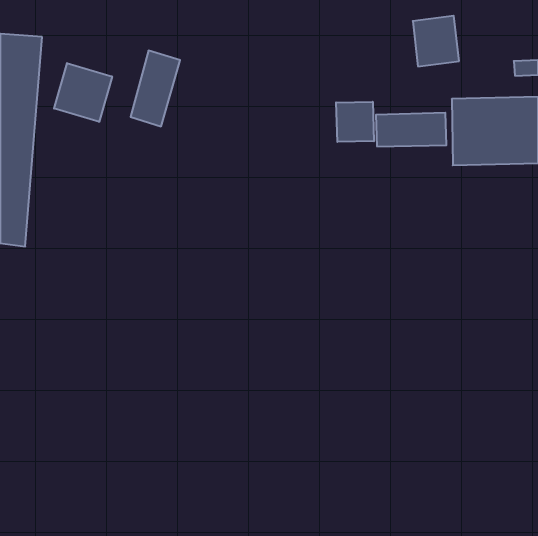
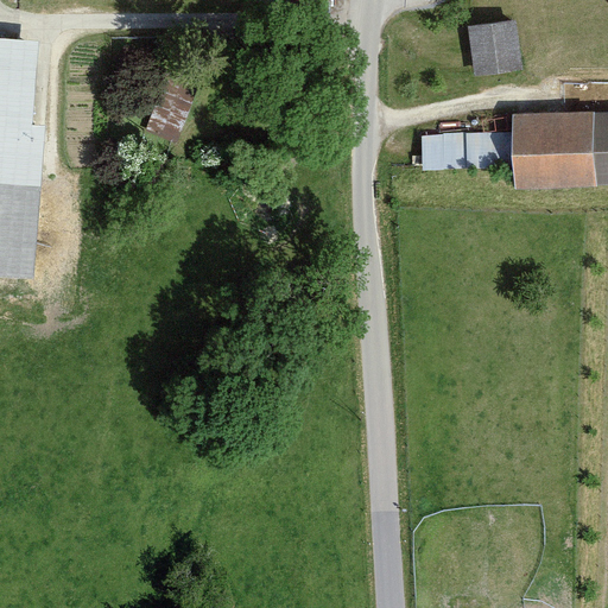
building: [54,63,112,122] -> none
building: [336,102,374,142] -> none

